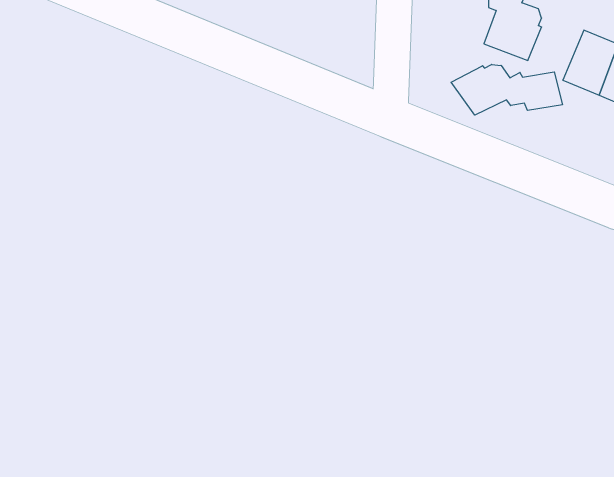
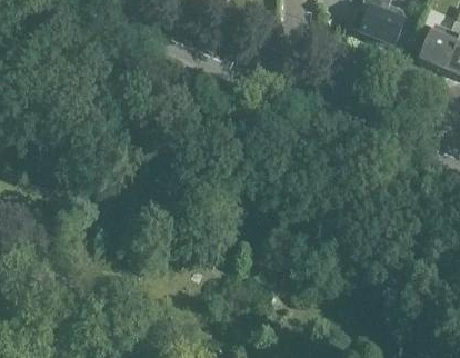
building: [451,64,562,115] -> none

